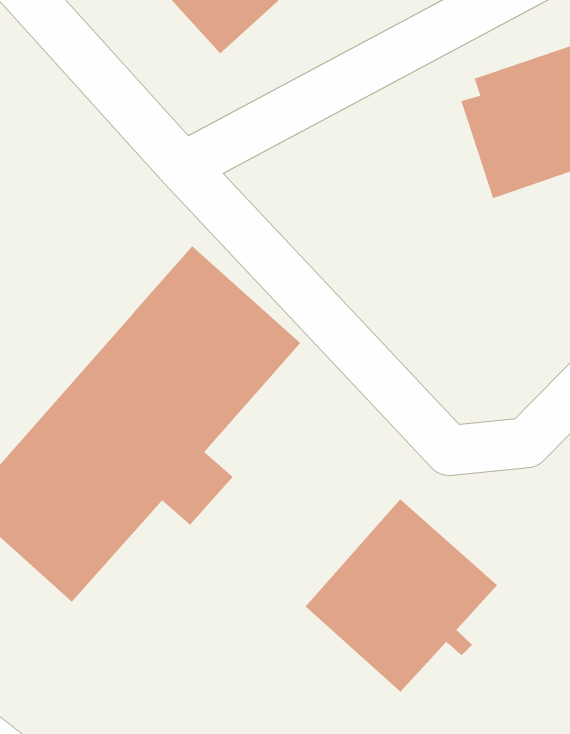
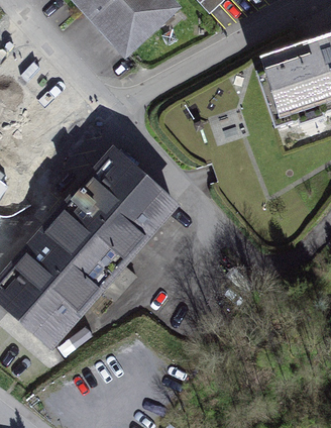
building: [305,499,498,693] -> none

